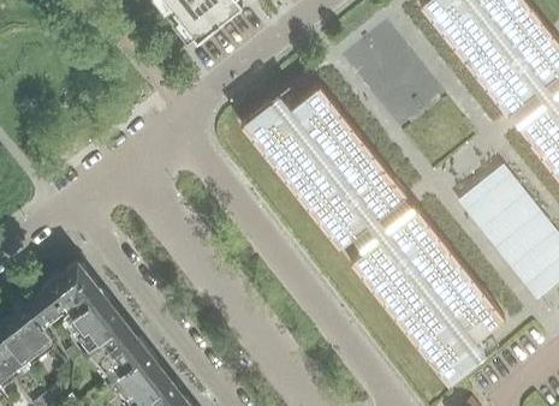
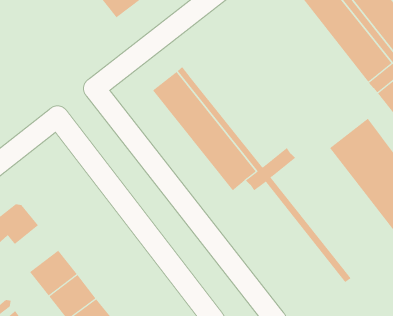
building: [289,86,406,220] -> none
building: [387,209,505,344] -> none
building: [350,239,477,387] -> none
building: [67,292,125,362] -> none

